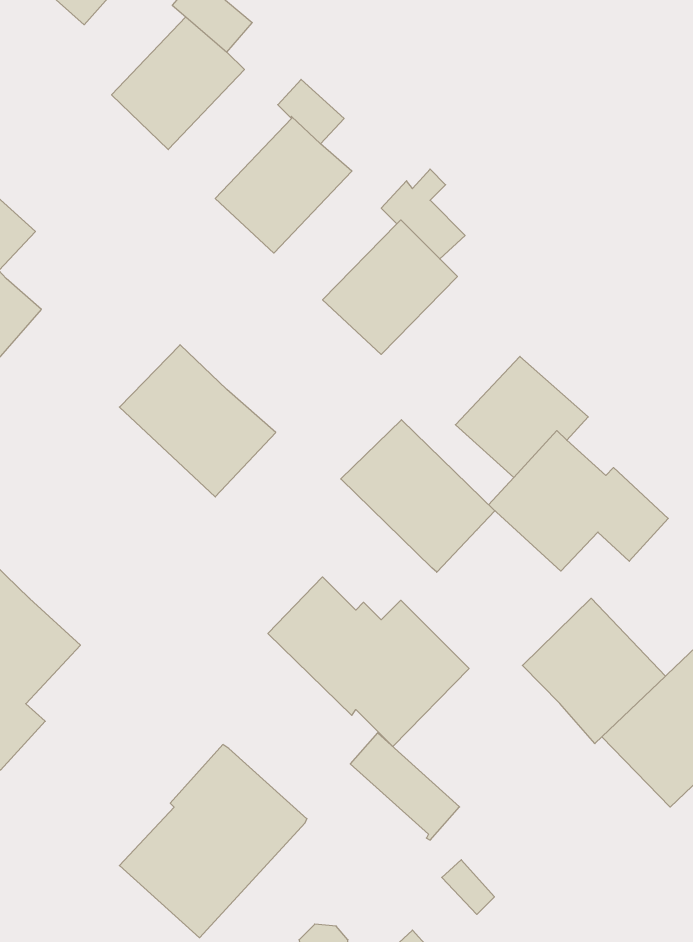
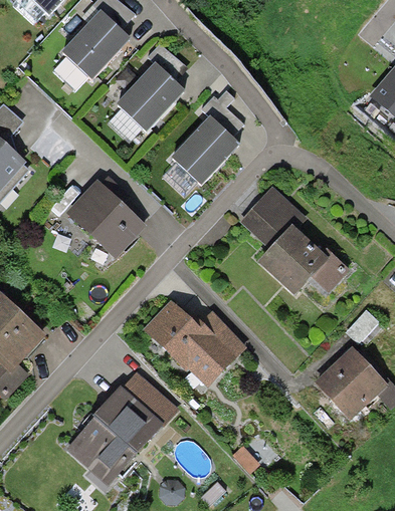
building: [341,420,495,572] -> none
building: [522,598,666,744] -> none
building: [350,733,460,840] -> [123,371,179,427]

